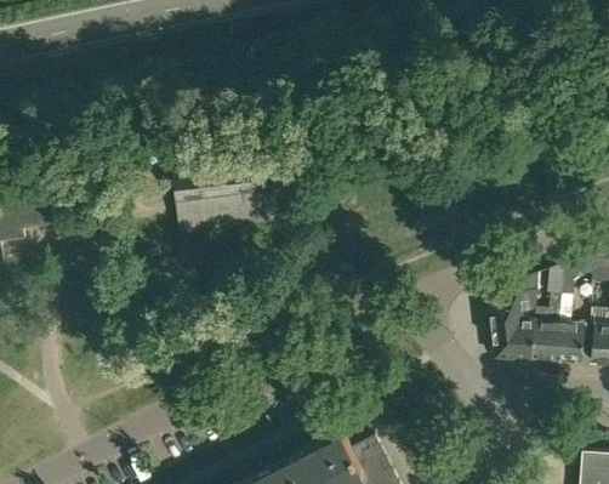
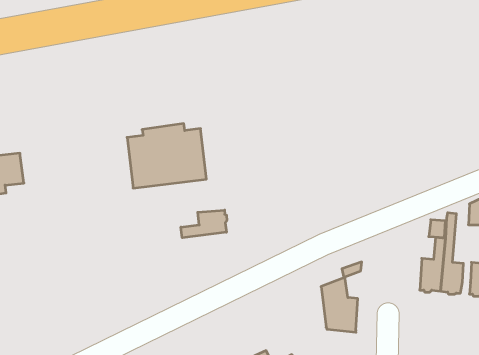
building: none -> [181,210,227,238]
building: [493,277,542,363] -> [321,262,362,332]

